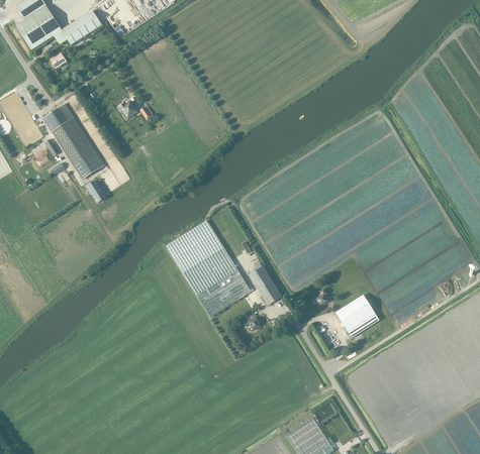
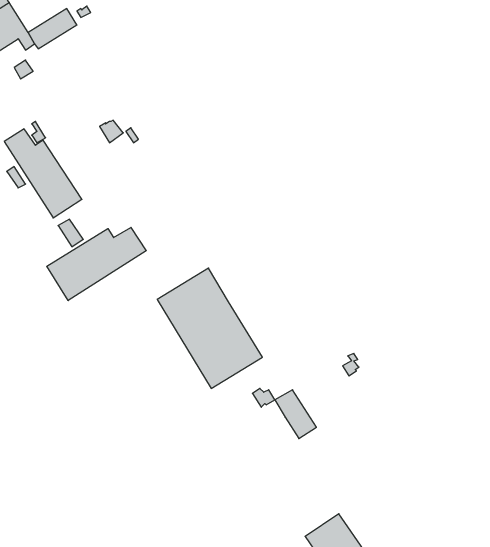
building: none -> [47,227,146,301]
building: [249,266,282,306] -> [275,390,316,439]
building: [335,295,379,337] -> none

